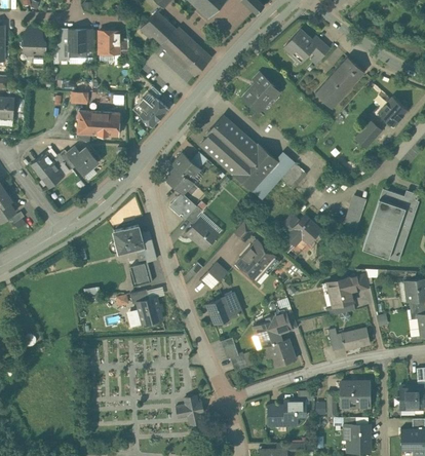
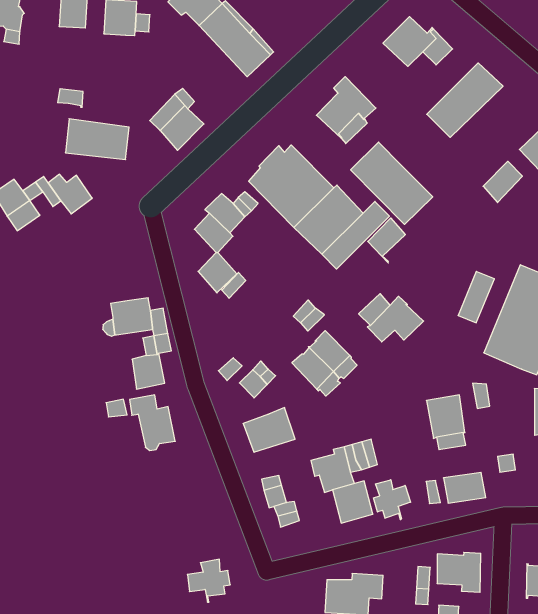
building: none -> [351,142,433,224]
building: [186,218,218,250] -> none
building: none -> [374,480,411,520]

